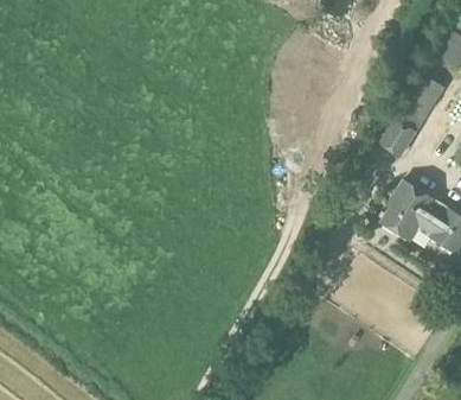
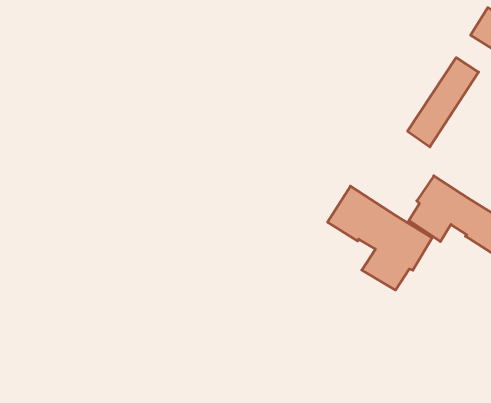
building: none -> [328,186,432,290]

